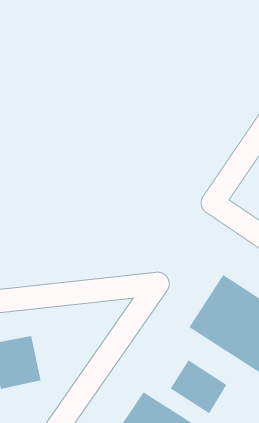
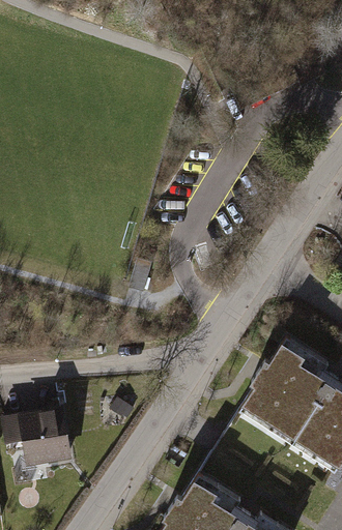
building: [170,360,227,414] -> none

